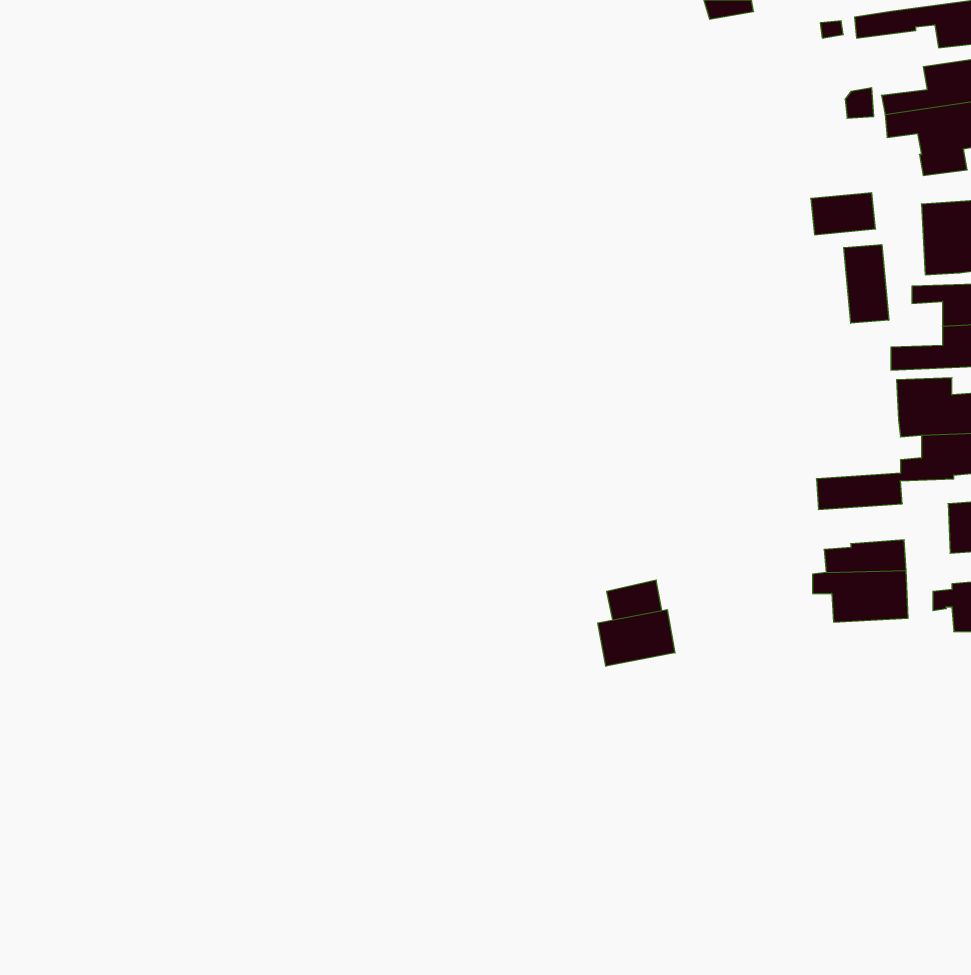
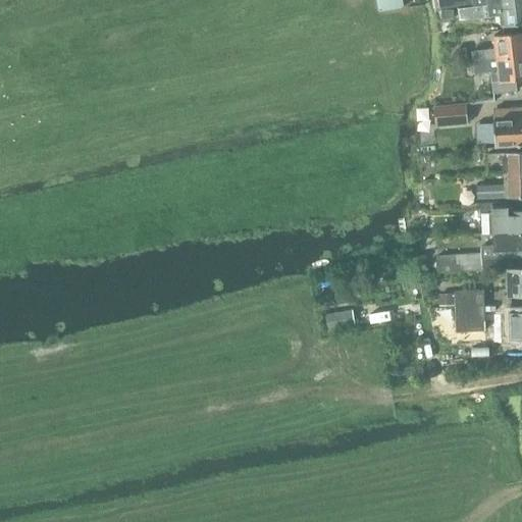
building: [844,245,889,323] -> none
building: [598,610,675,666] -> none

